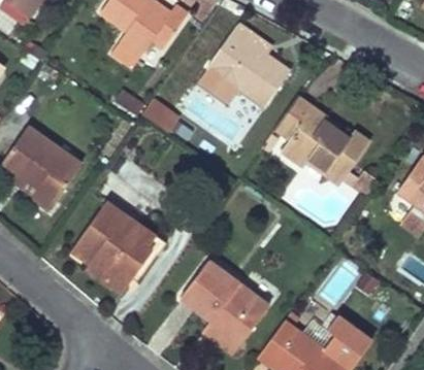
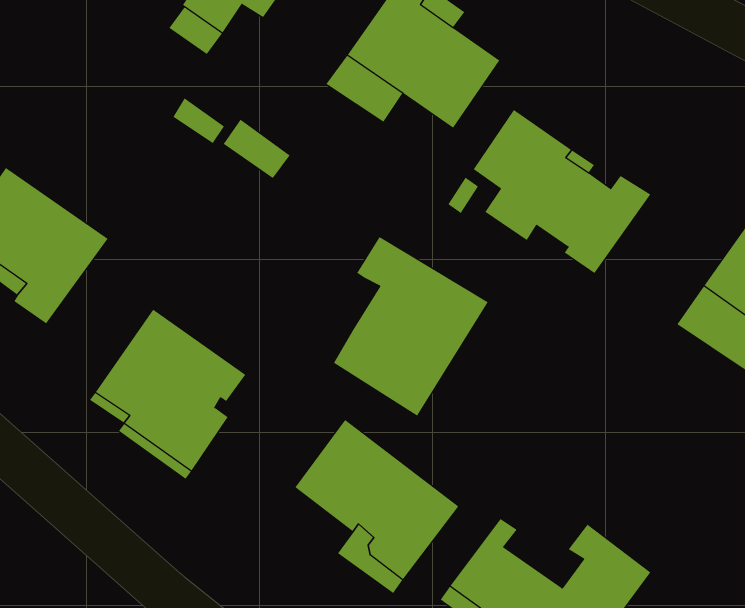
building: none -> [333,236,489,416]

